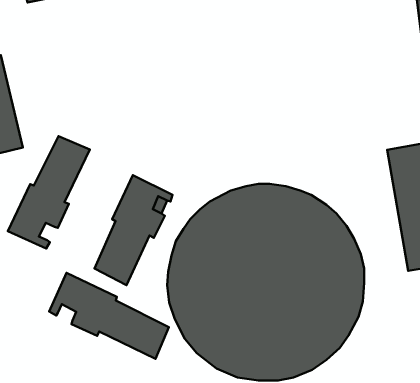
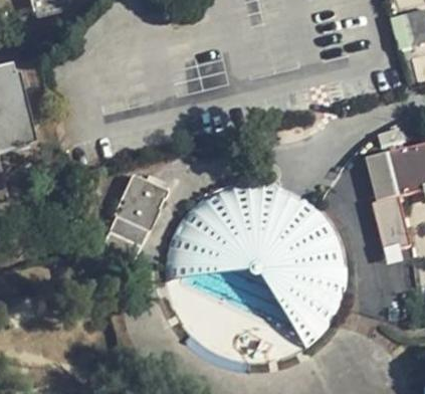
building: [8,136,90,248] -> none
building: [49,273,169,359] -> none

